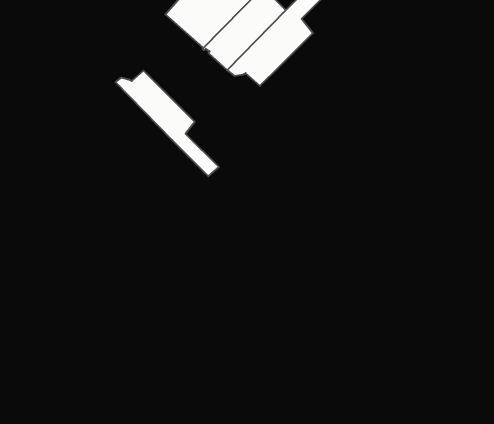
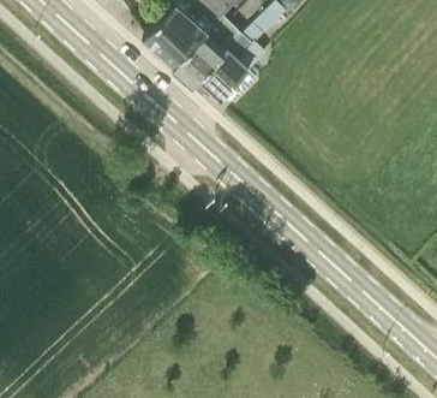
building: [116,71,219,176] -> none

